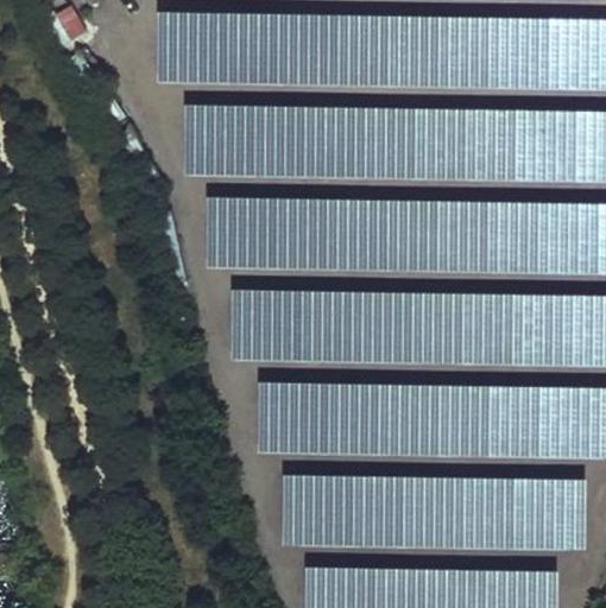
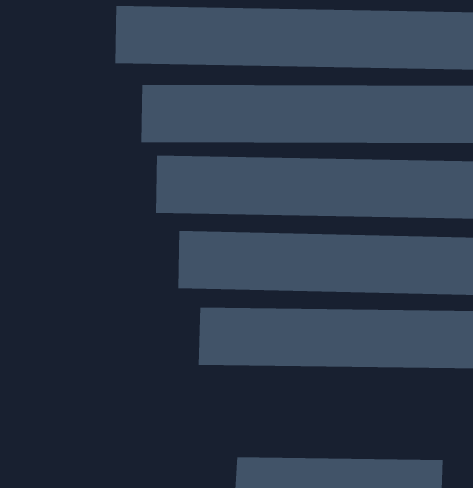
building: [283,474,591,550] -> none

